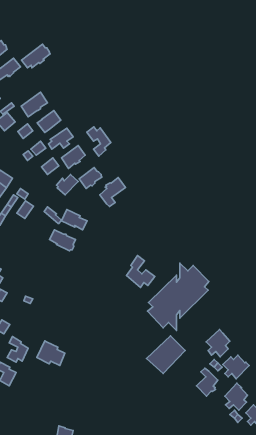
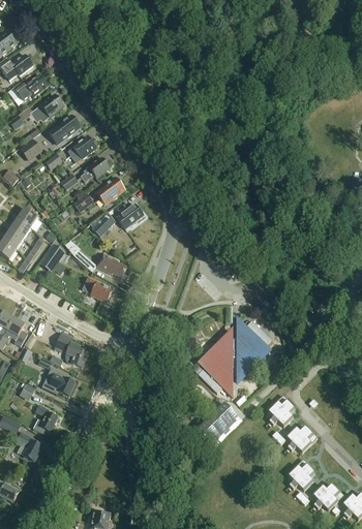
building: [21,44,50,68] -> [29,94,63,122]
building: [87,127,111,156] -> none
building: [100,177,125,207] -> none
building: [126,256,155,287] -> none
building: none -> [56,333,87,367]
building: [37,341,65,365] -> [41,367,74,396]
building: [196,368,218,396] -> none

